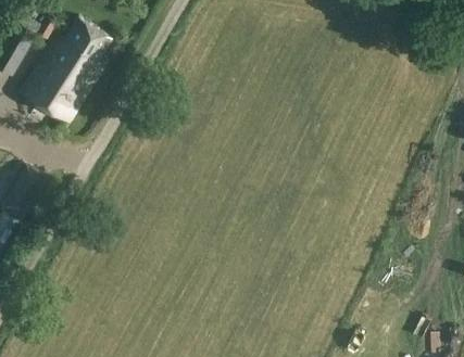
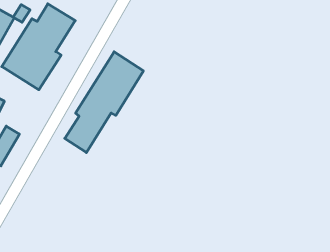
building: none -> [65,52,143,153]

